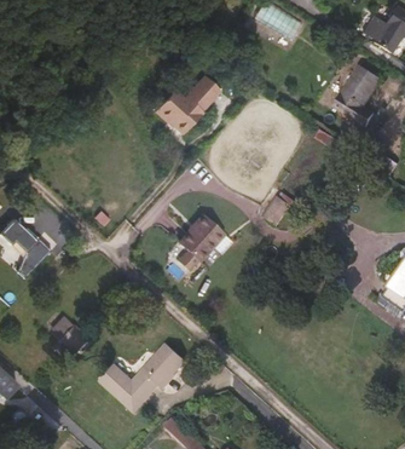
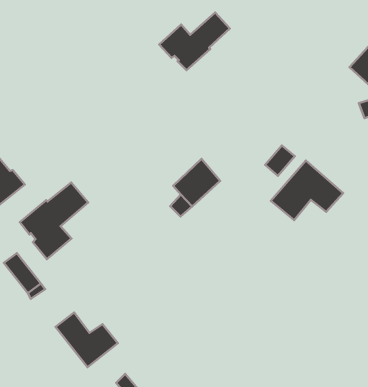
building: none -> [271,161,343,220]
building: none -> [20,182,88,259]
building: [139,345,185,391] -> none

